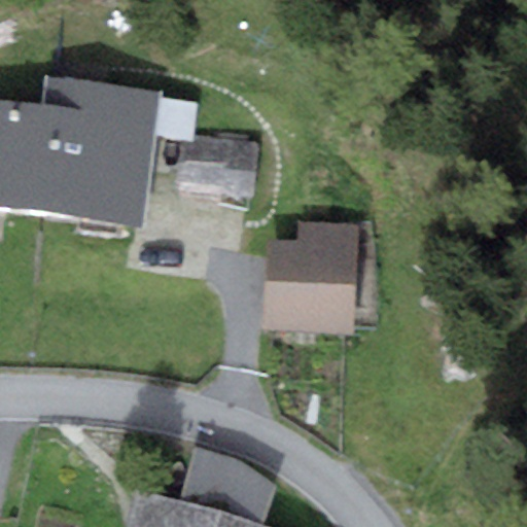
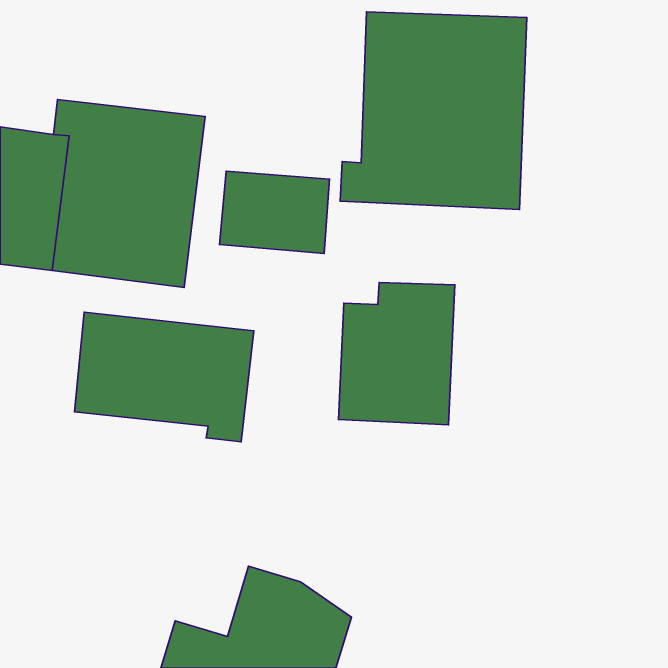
building: none -> [340,12,527,209]
building: none -> [74,312,254,442]

